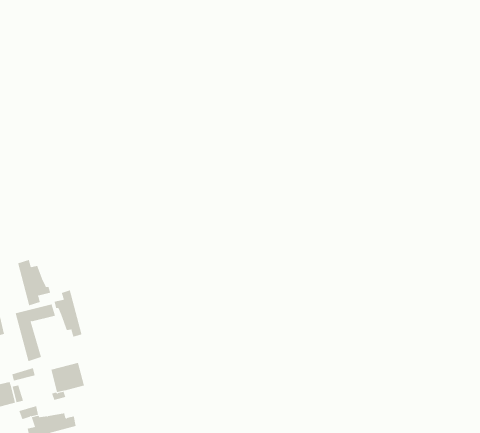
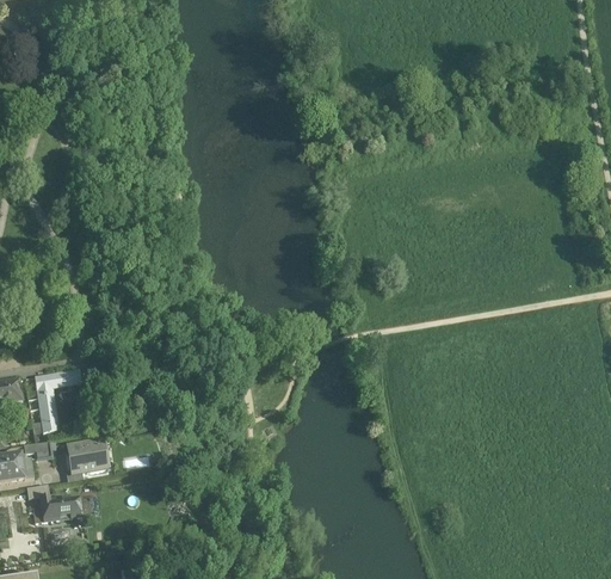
building: [17,259,51,306] -> none
building: [54,290,82,338] -> none

